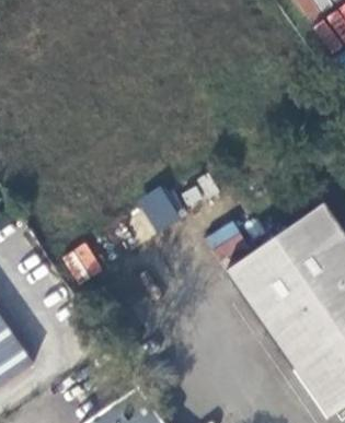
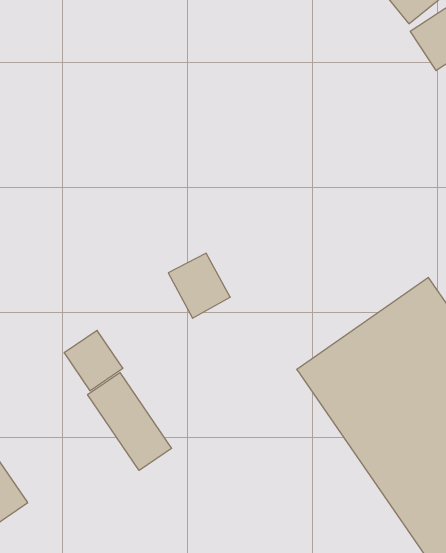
building: none -> [88,372,172,470]

